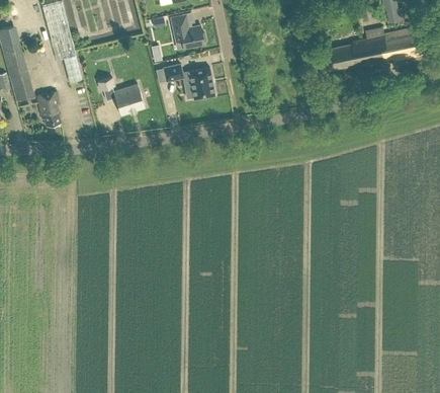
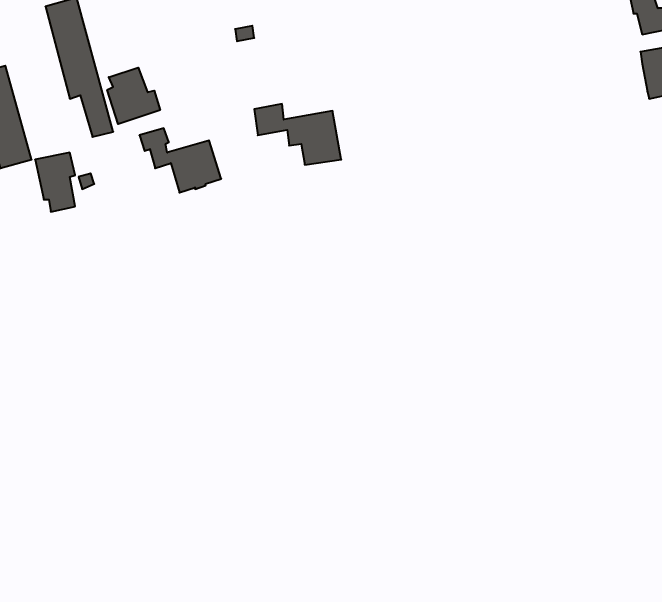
building: [170,15,204,48] -> none
building: [326,25,391,70] -> none
building: none -> [107,68,160,124]

